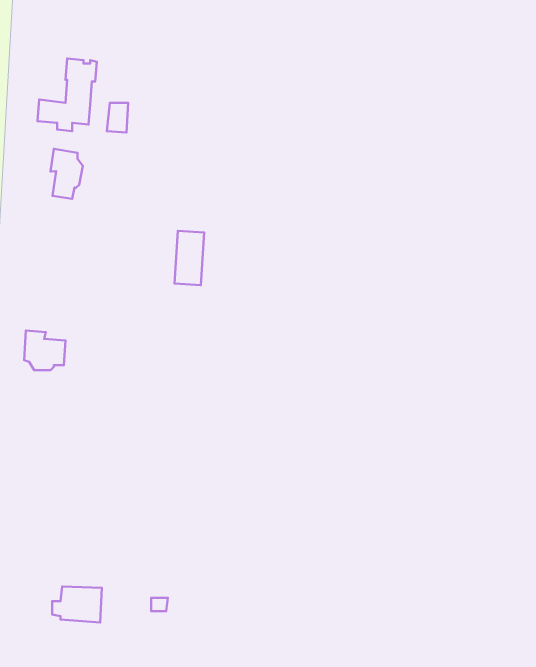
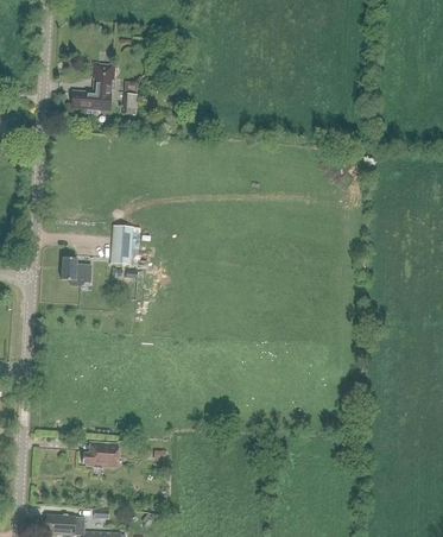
building: [51,149,83,199] -> none
building: [174,231,204,285] -> [110,226,132,265]

